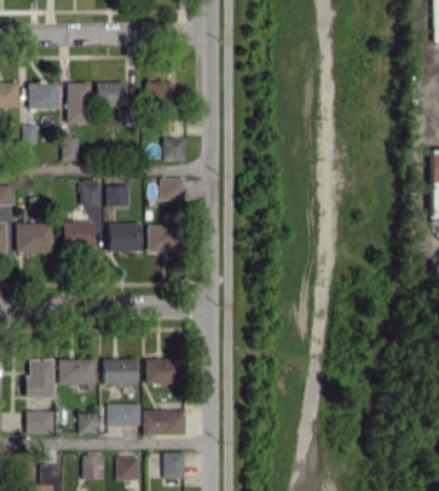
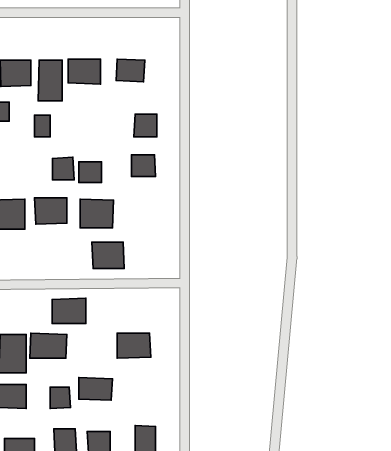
building: [148,225,180,252] -> [92,242,124,269]
building: [104,358,138,383] -> [52,298,86,323]
building: [143,409,186,435] -> none

